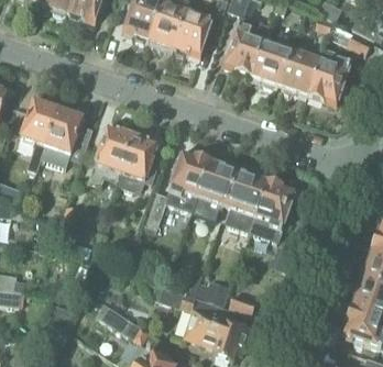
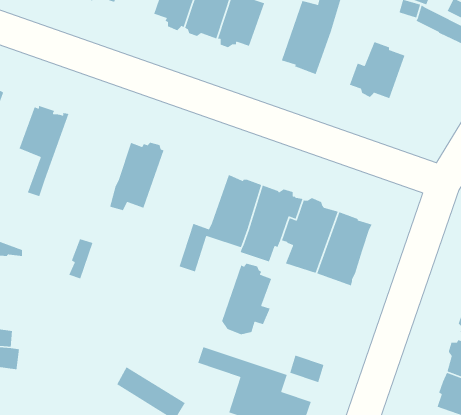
building: [251,41,295,85] -> none
building: [308,46,352,102] -> none
building: [41,104,83,165] -> none
building: [118,132,157,188] -> [221,263,272,335]

